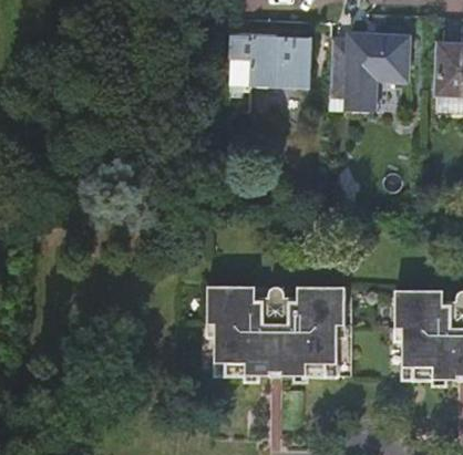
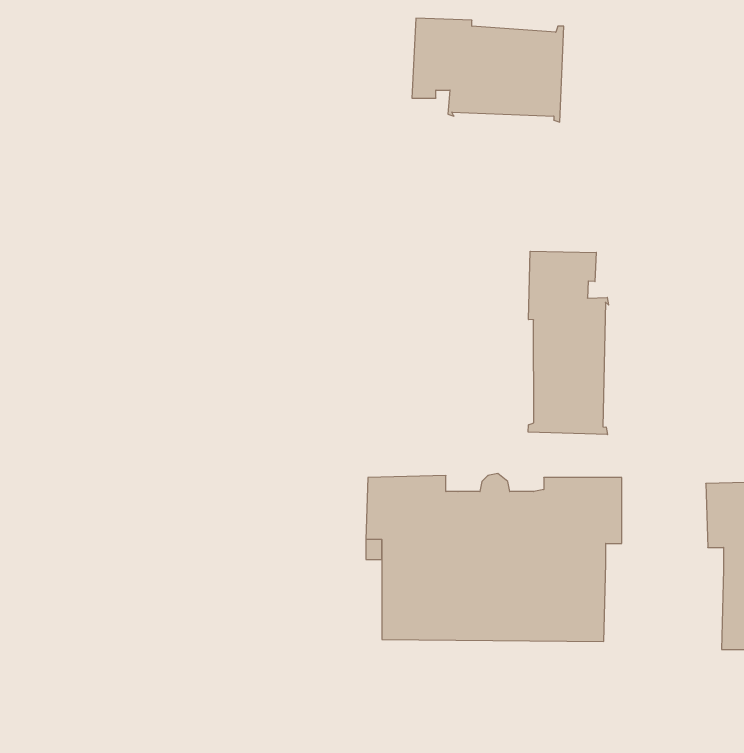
building: [330,32,410,111] -> none
building: none -> [528,251,609,435]

